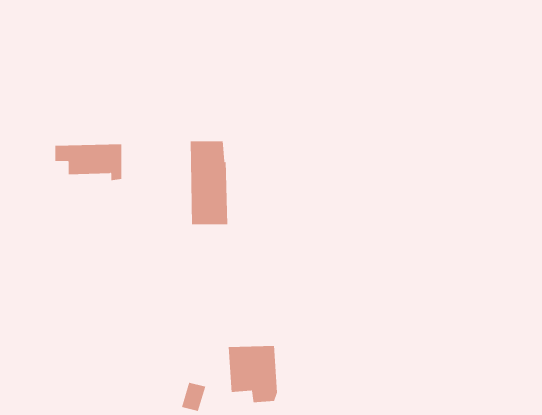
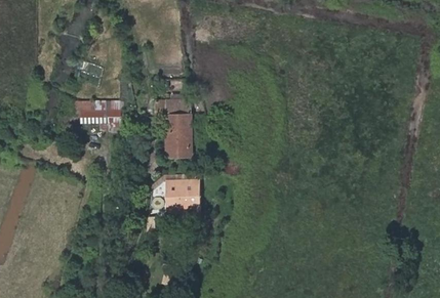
building: [228,345,278,403] -> [165,178,200,218]

